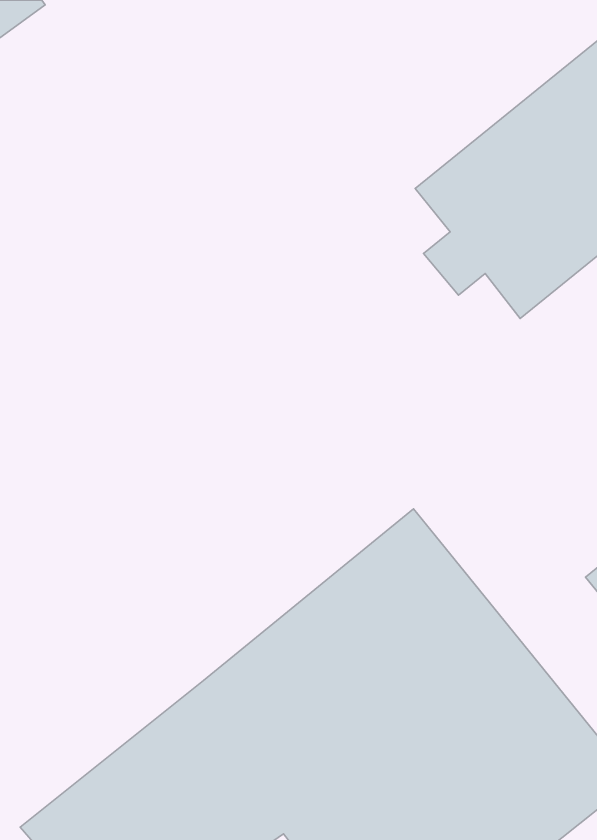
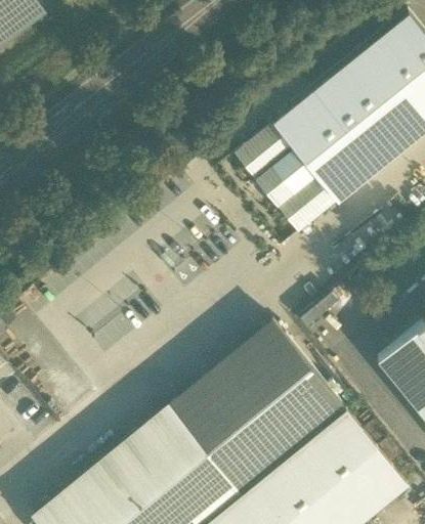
building: none -> [236,123,338,231]

